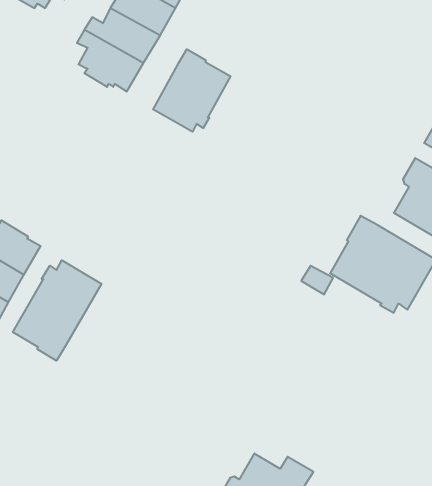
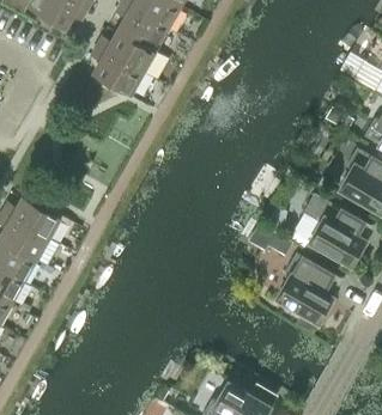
building: [153,49,230,132] -> none
building: [13,260,101,361] -> none
building: none -> [277,252,344,334]

